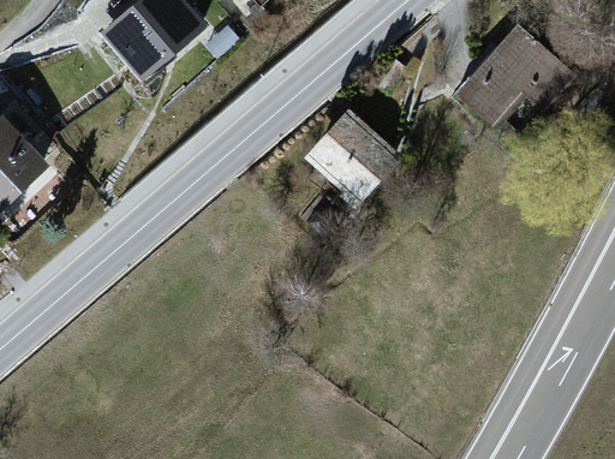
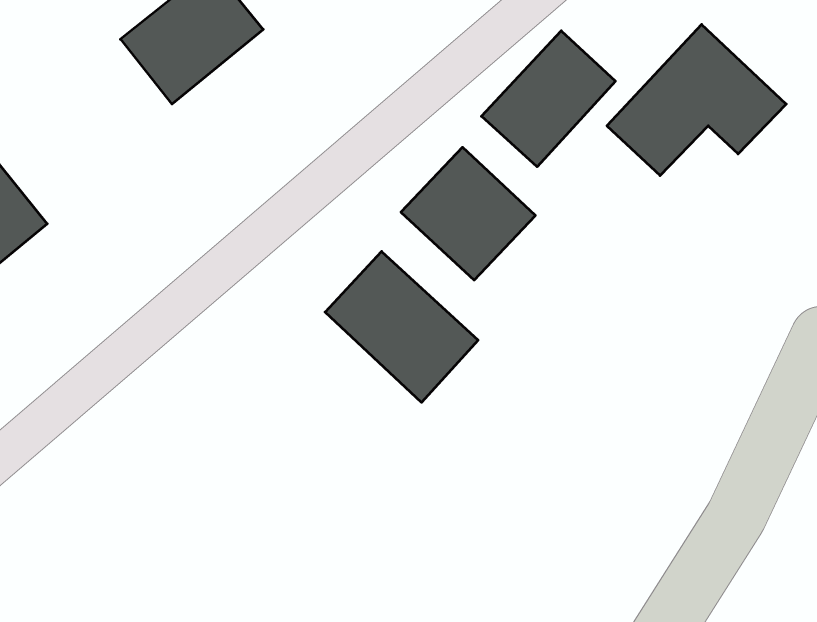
building: none -> [481,31,615,167]
building: none -> [325,251,478,402]

